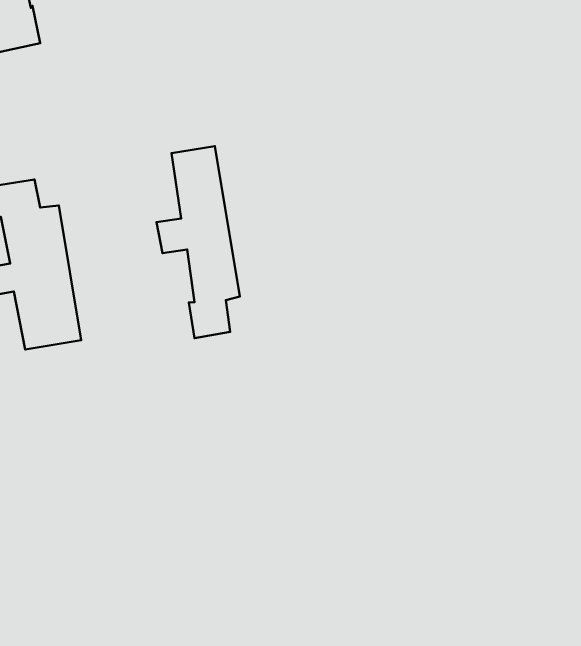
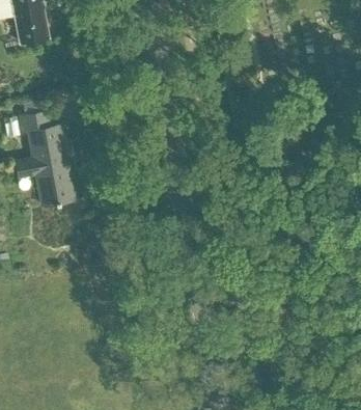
building: [157,146,240,338] -> none

